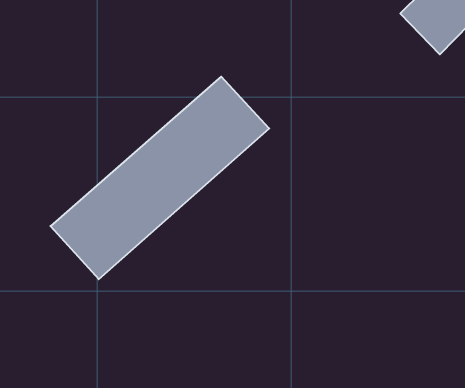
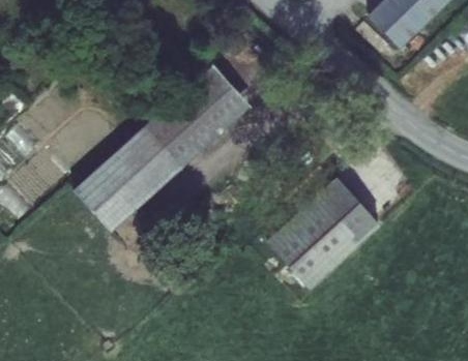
building: none -> [261,179,372,289]

